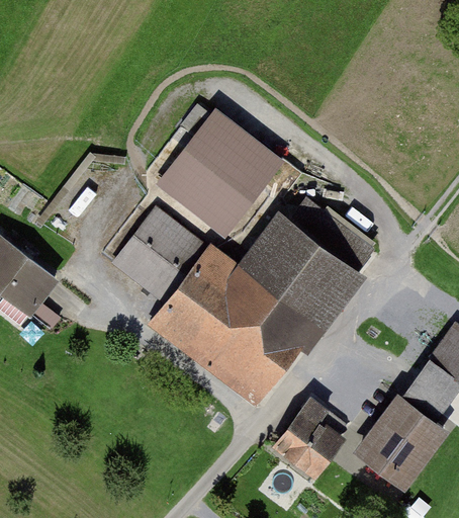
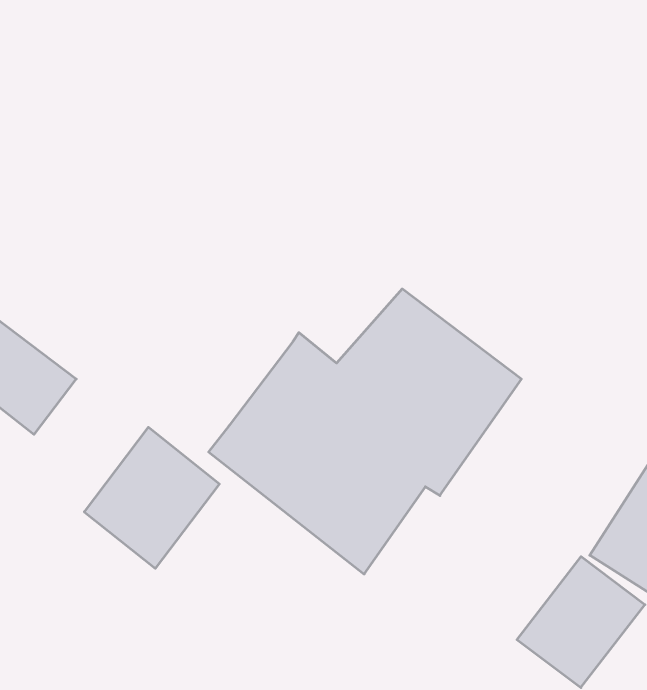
building: [153,106,283,239] -> none
building: [111,207,205,306] -> [84,427,219,568]
building: [276,401,353,479] -> none

